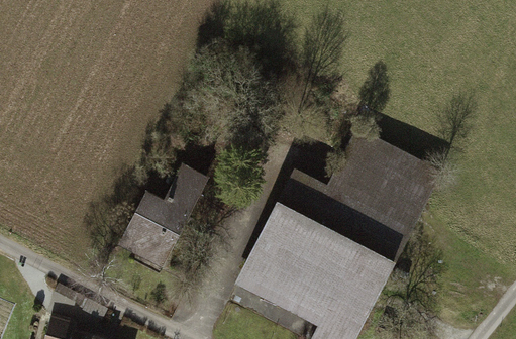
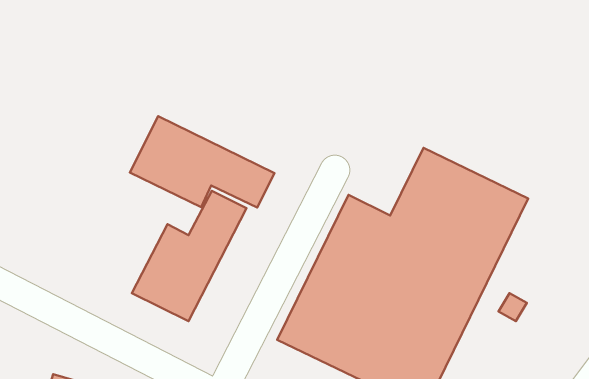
building: none -> [130,116,275,207]

